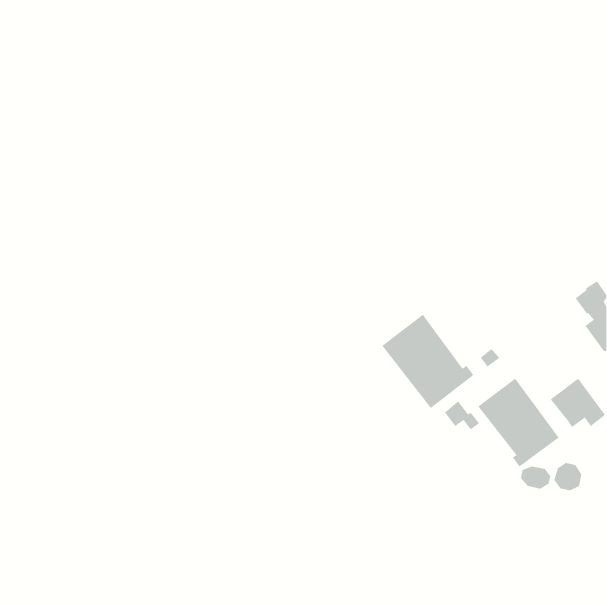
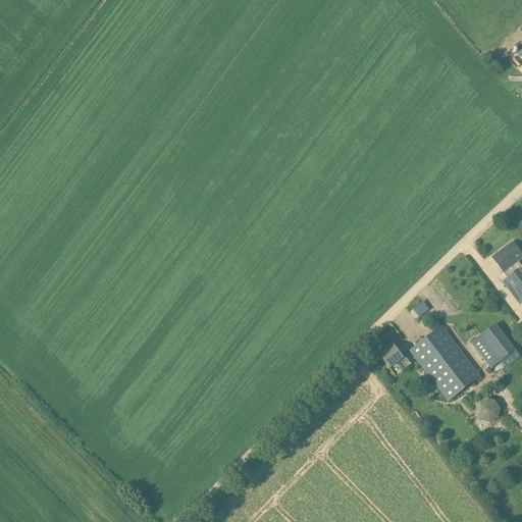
building: [382,314,474,409] -> none
building: [520,466,551,490] -> none

